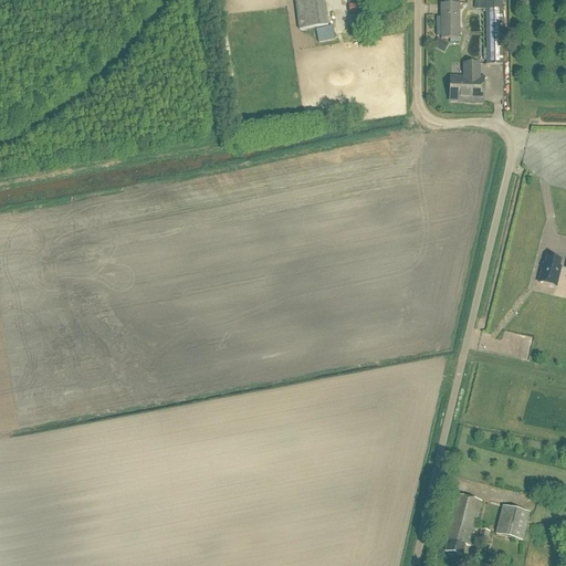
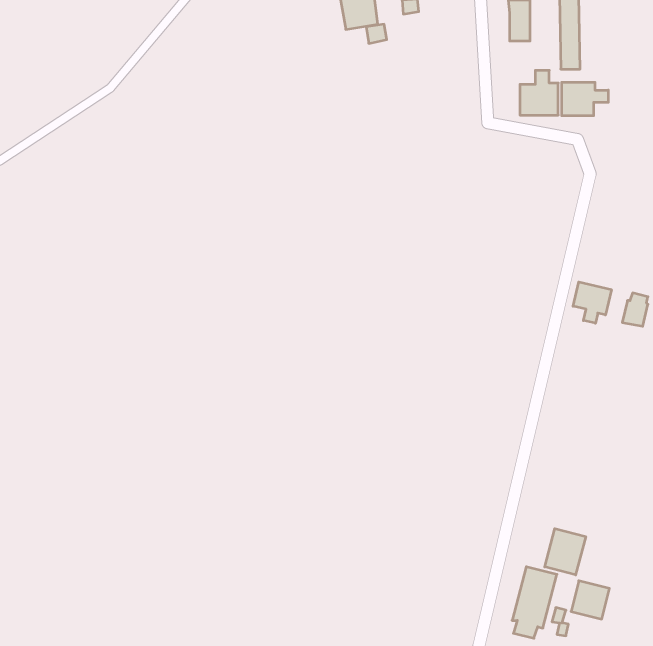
building: none -> [562,82,608,116]
building: none -> [573,282,611,323]
building: none -> [545,529,586,575]

